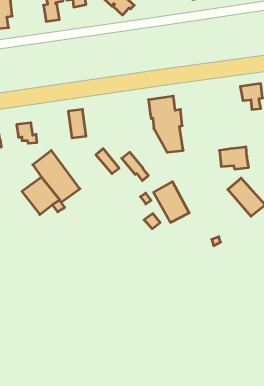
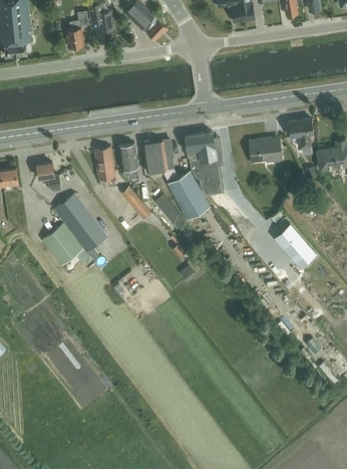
building: none -> [142,141,173,174]
building: none -> [118,145,137,177]
building: [219,147,249,169] -> [249,138,282,163]
building: [154,182,189,222] -> [168,172,209,218]

